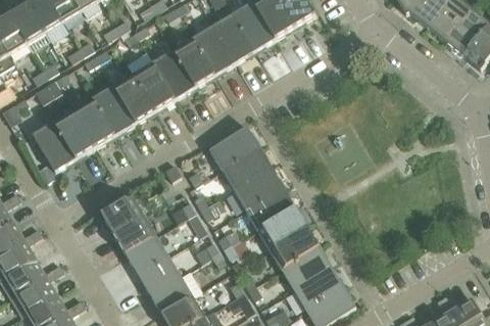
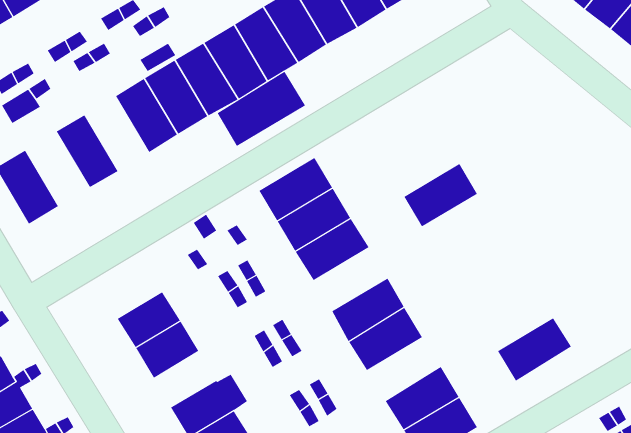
building: none -> [217,71,306,147]
building: [92,86,135,136] -> none
building: [52,109,95,159] -> none
building: [245,187,295,230] -> [403,163,478,227]
building: [101,195,144,235] -> none
building: [281,247,331,290] -> [497,318,572,382]
building: [138,257,181,294] -> none

